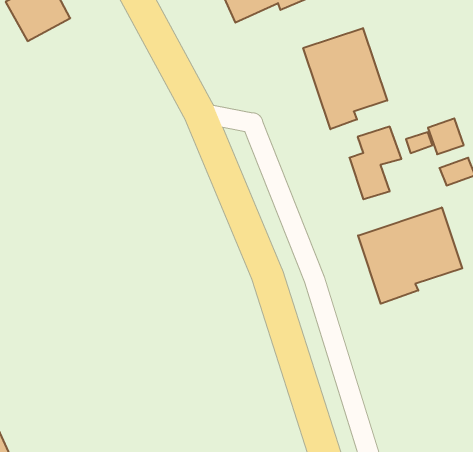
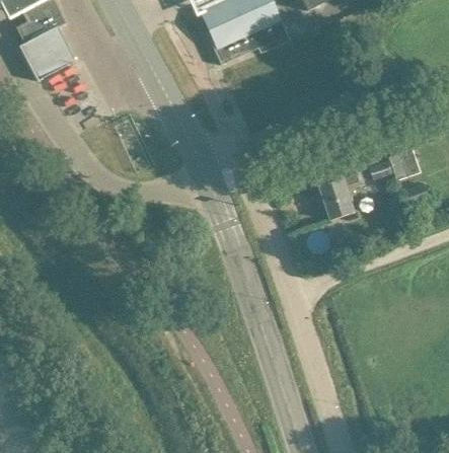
building: [303,28,387,129] -> none
building: [358,207,462,304] -> none

